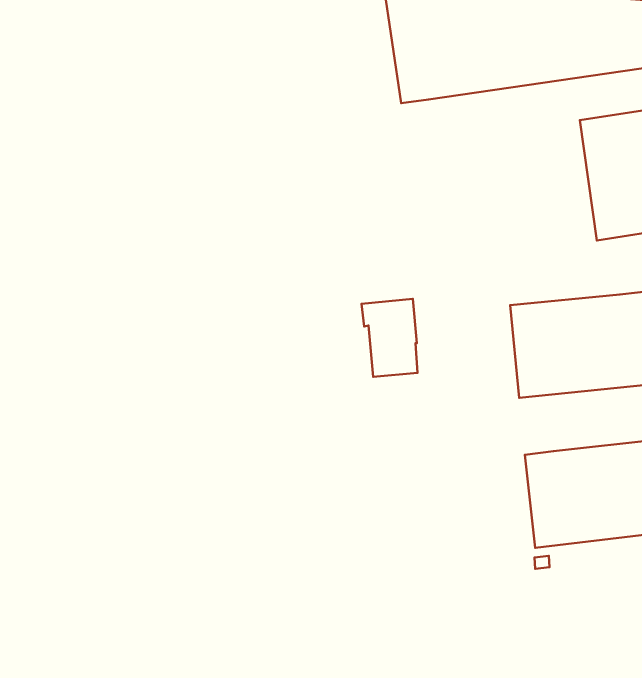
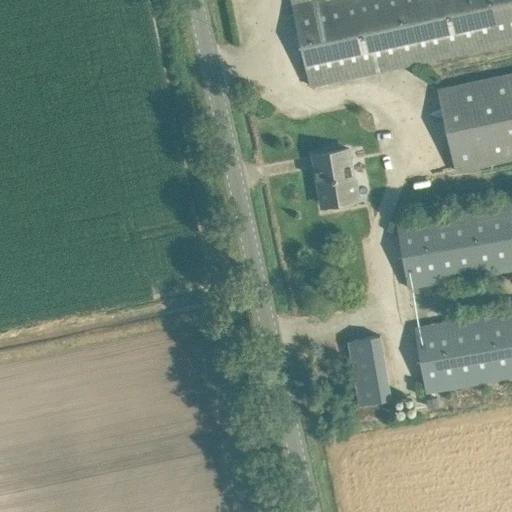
building: [362,299,417,377] -> [313,148,356,205]
building: none -> [349,335,391,404]

